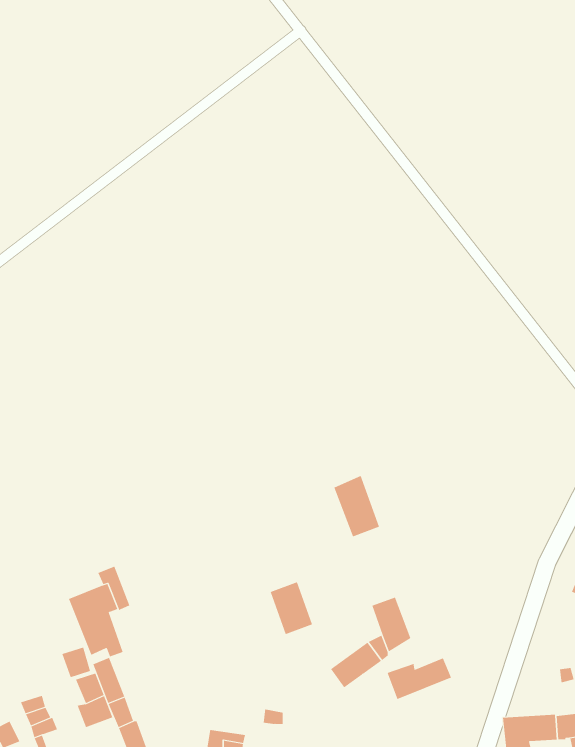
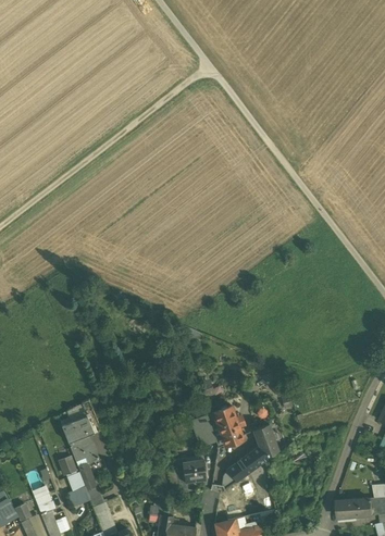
building: [333,475,380,537] -> [213,406,243,445]
building: none -> [182,459,207,482]
building: [387,658,452,700] -> none

